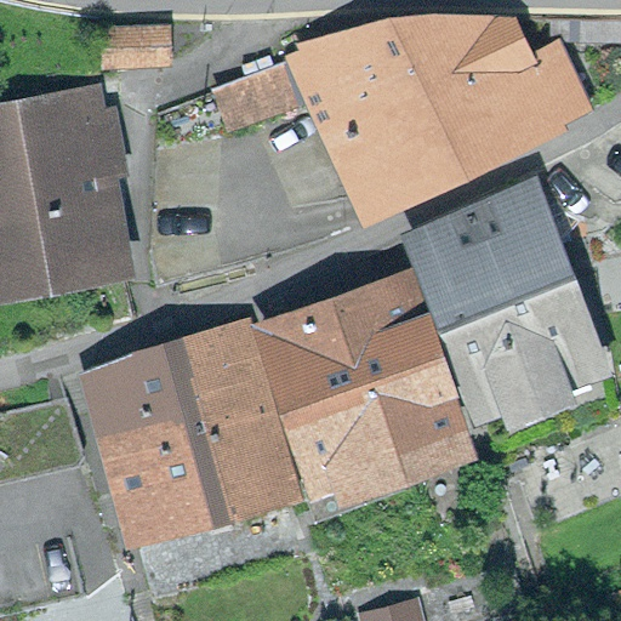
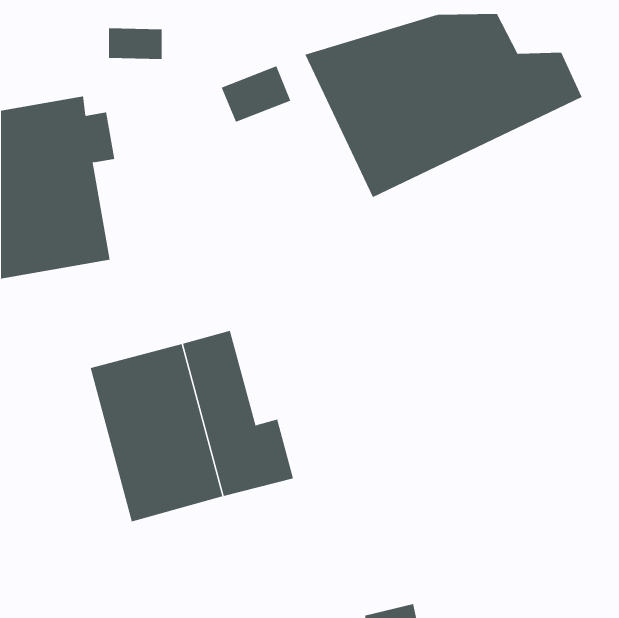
building: [415,193,591,411] -> none
building: [263,283,458,483] -> none

